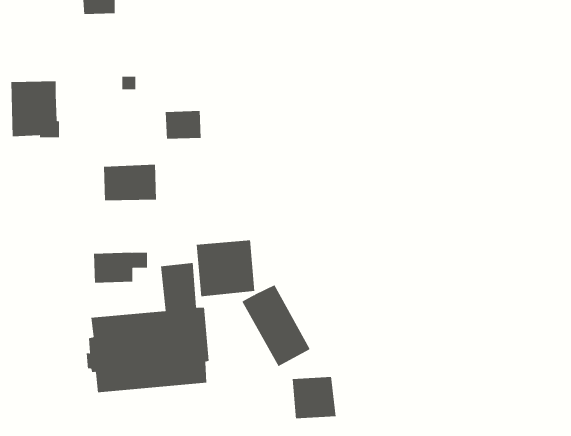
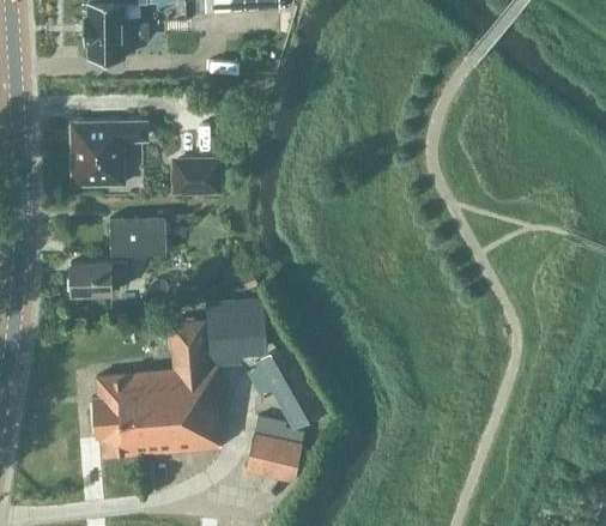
building: [11,81,60,138] -> [72,127,123,187]
building: [93,252,148,283] -> [69,265,127,297]
building: [292,376,336,419] -> [238,425,285,470]

